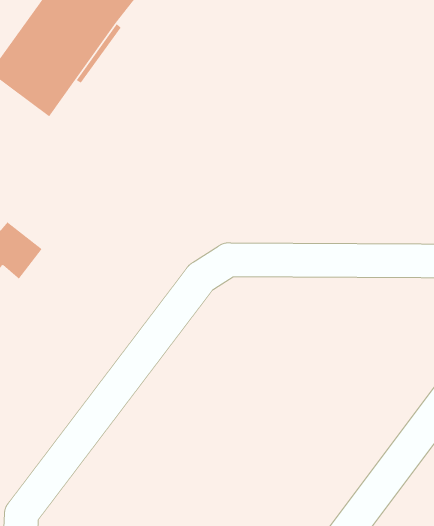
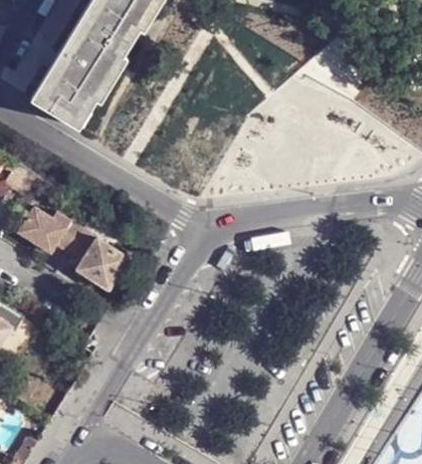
building: none -> [68,229,129,289]

